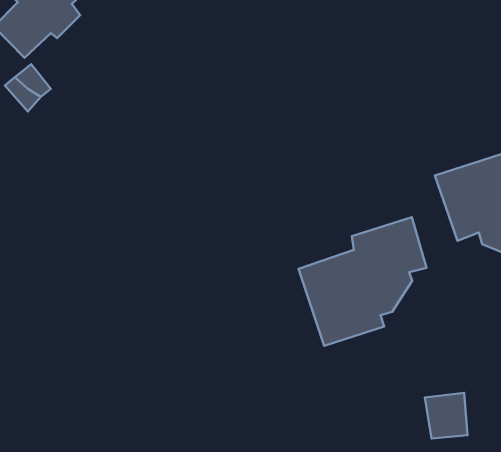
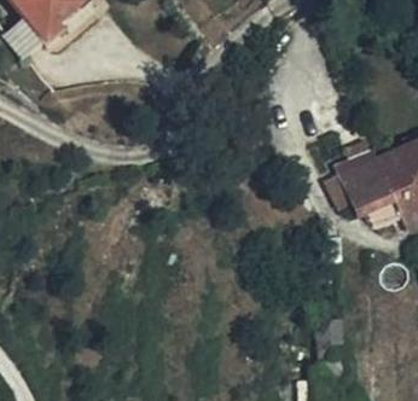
building: [299,217,426,346] -> none

